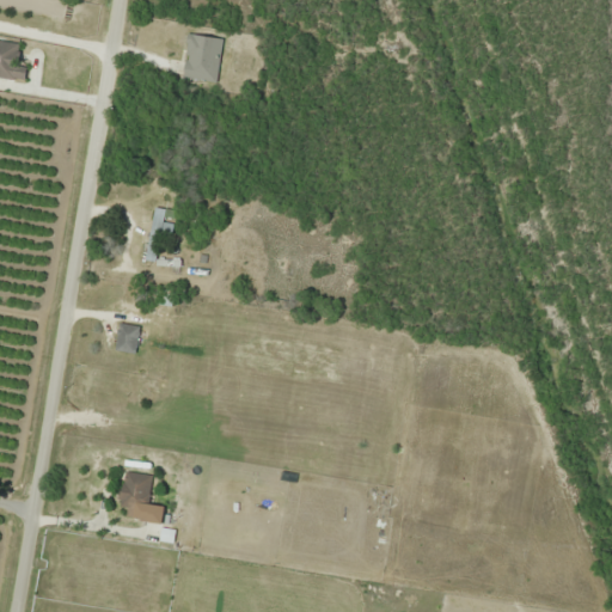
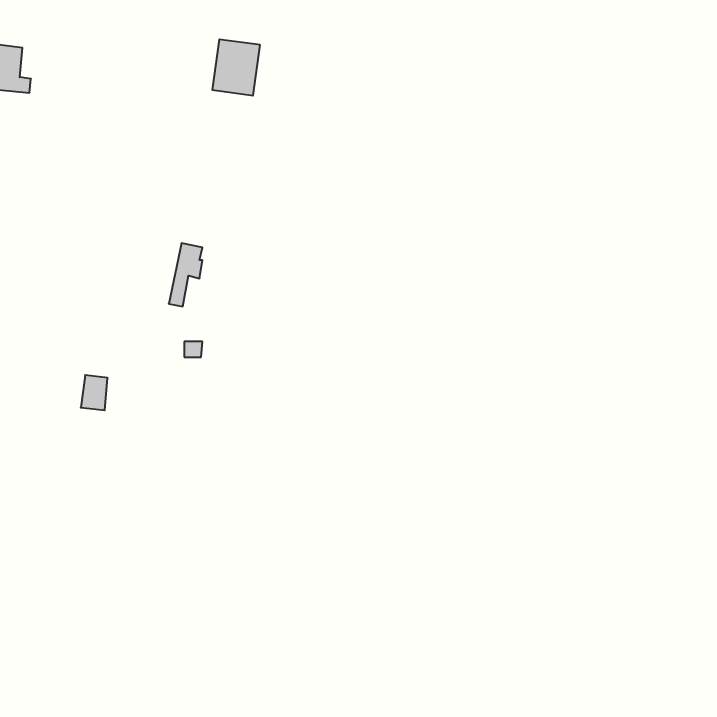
building: [115,323,137,353] -> [81,375,108,410]
building: [118,470,164,524] -> none

